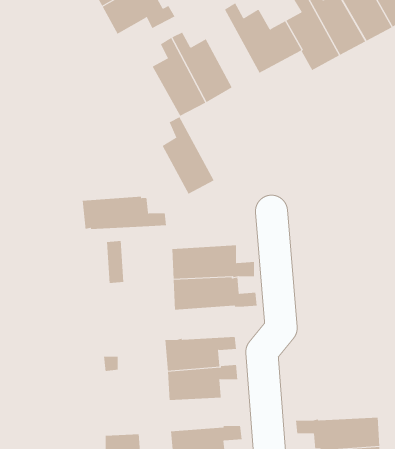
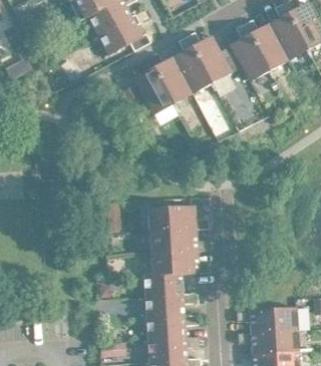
building: [162,117,215,195] -> [173,36,211,92]
building: [82,196,167,230] -> [149,250,211,274]
building: none -> [236,307,297,332]
building: none -> [145,314,197,340]

